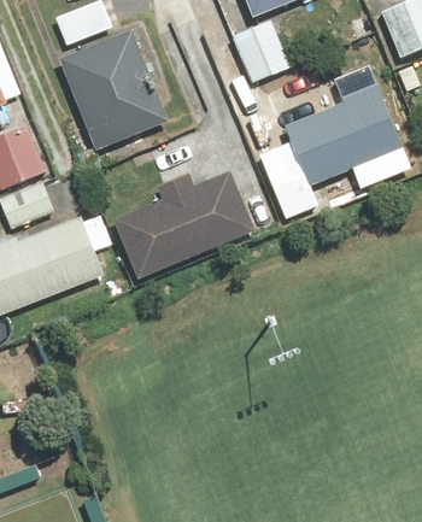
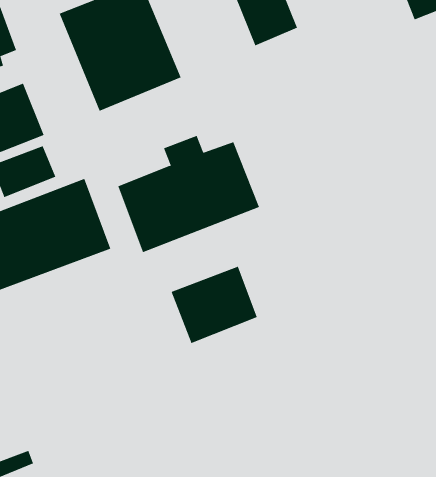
building: [248,87,393,222] -> none
building: none -> [171,266,258,344]

